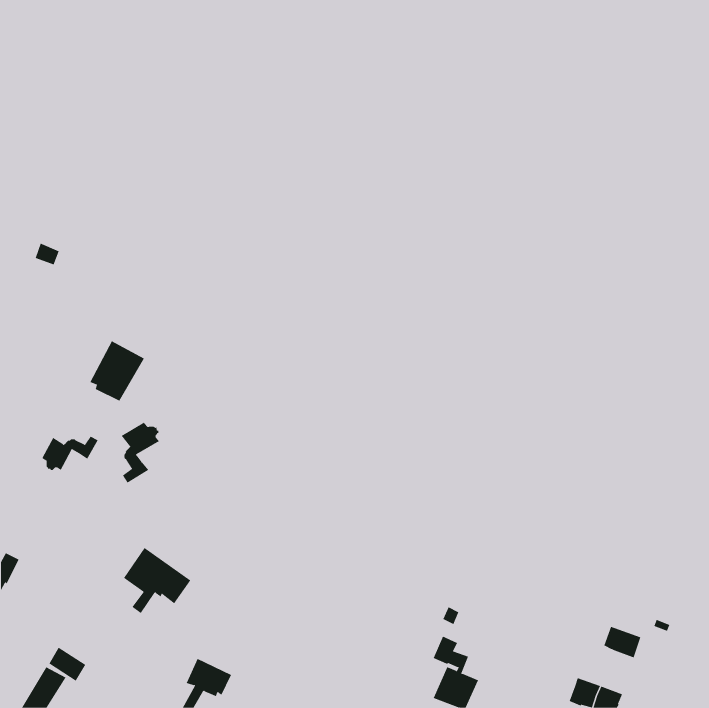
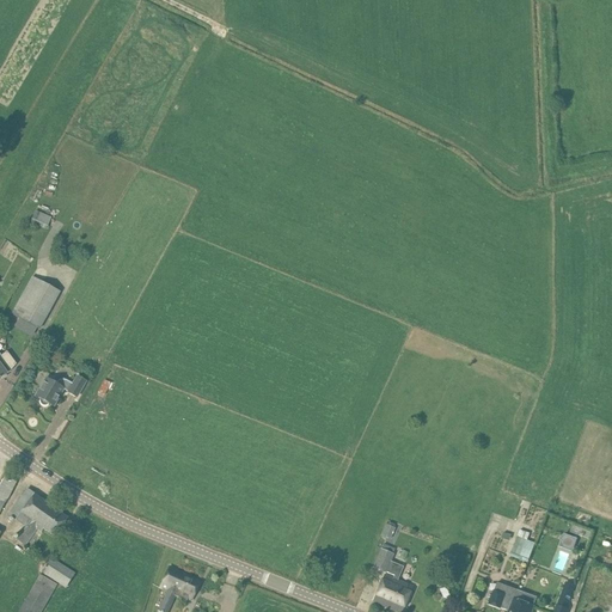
building: [89,341,145,402] -> [13,276,61,329]
building: [121,422,160,484] -> none
building: [123,547,191,614] -> [10,488,68,545]

